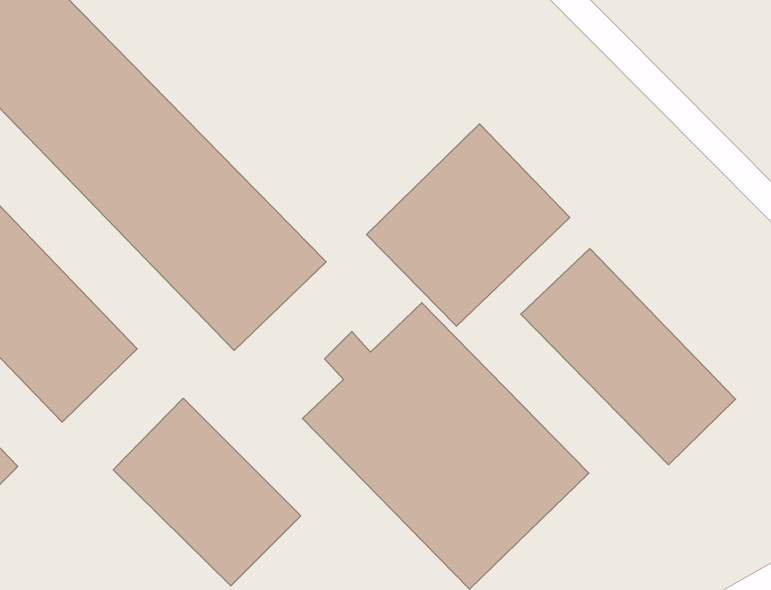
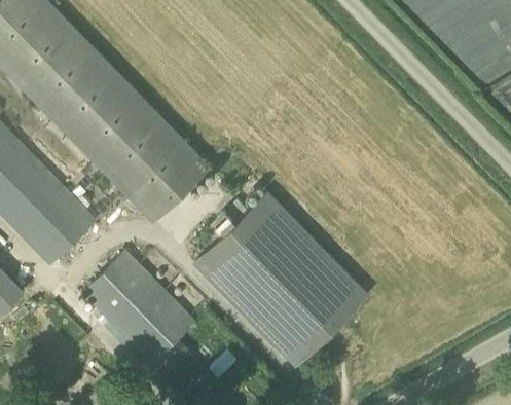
building: [367,124,570,326] -> none
building: [521,249,736,465] -> none

